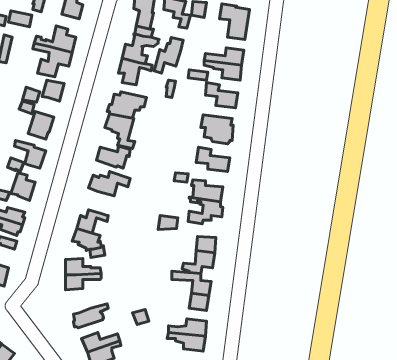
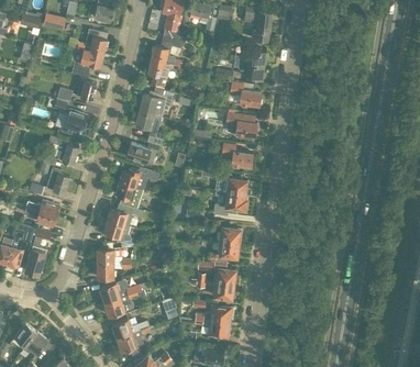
building: [154,37,183,73] -> none
building: none -> [117,182,144,209]
building: none -> [100,280,142,302]

